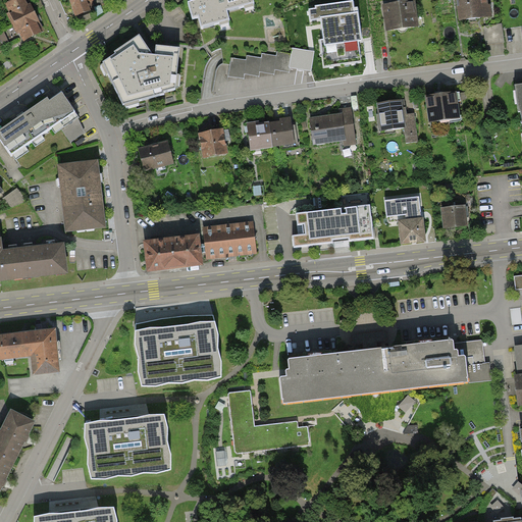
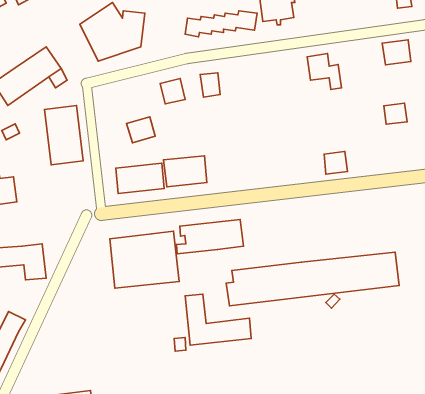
building: [425,90,460,120] -> [382,40,411,65]
building: [309,106,357,147] -> none
building: [268,117,293,147] -> none
building: [138,140,172,171] -> [127,117,155,143]
building: [385,194,422,220] -> none
building: [293,203,374,245] -> [176,219,243,254]
building: [439,203,468,228] -> [384,103,407,124]
building: [19,242,64,277] -> none
building: [82,414,170,480] -> none

